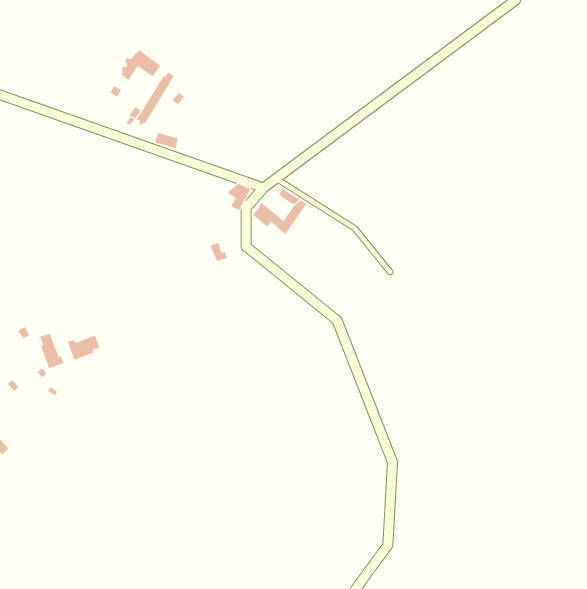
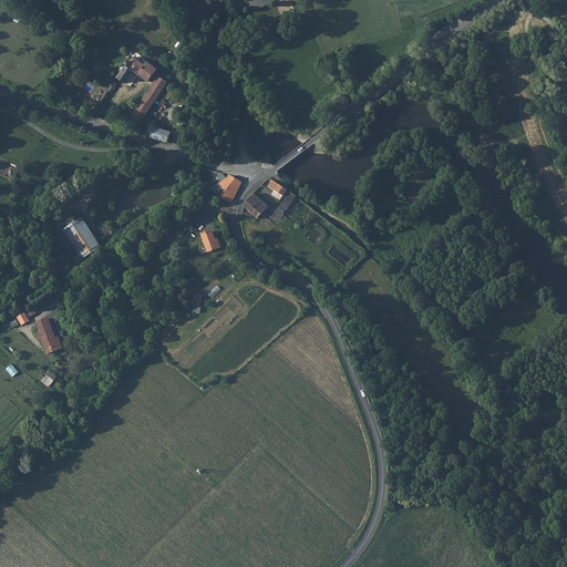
building: none -> [62,218,97,258]
building: [67,335,101,360] -> none

